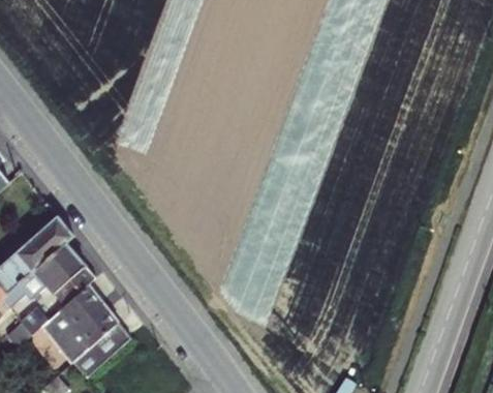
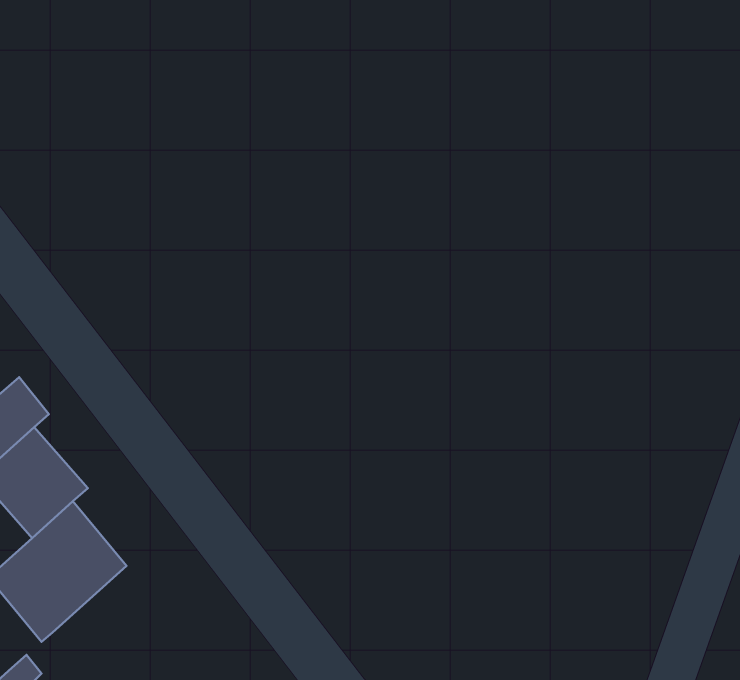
building: [75,322,130,374] -> none

